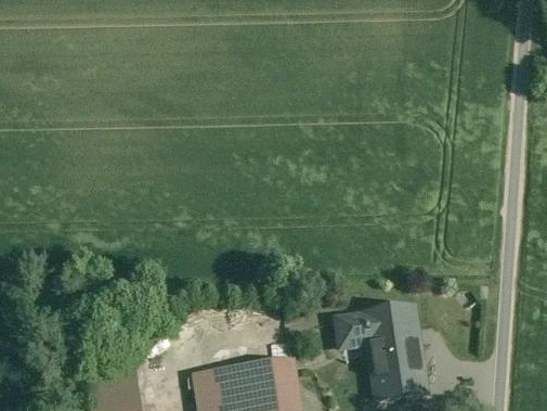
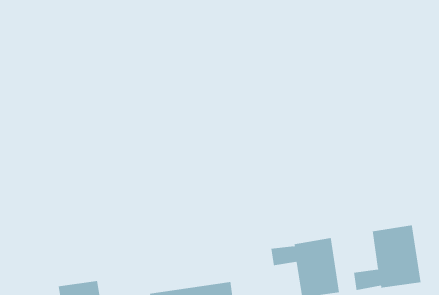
building: none -> [353,225,421,291]

